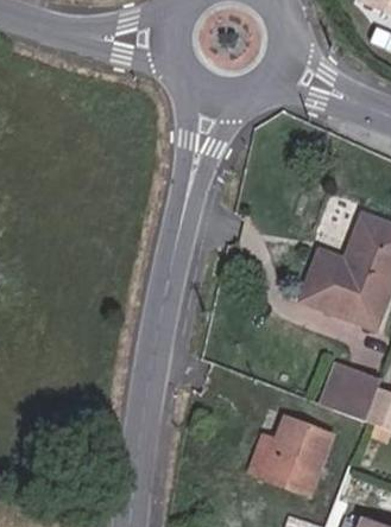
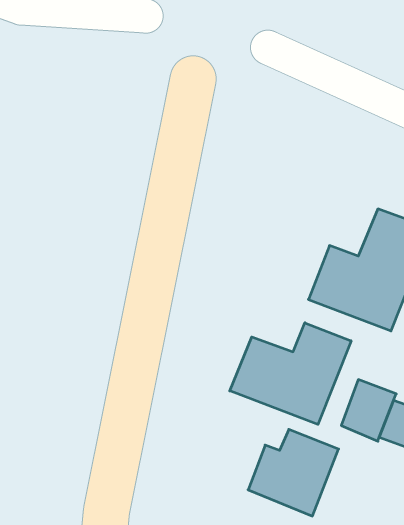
building: none -> [230,323,351,424]

